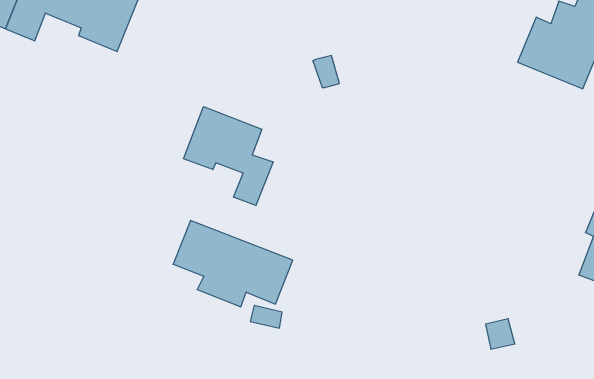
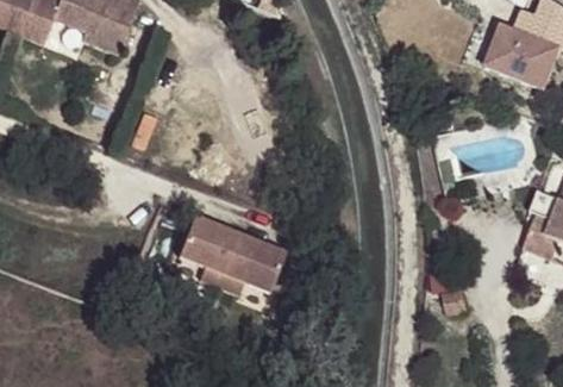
building: [183,107,273,206] -> none

